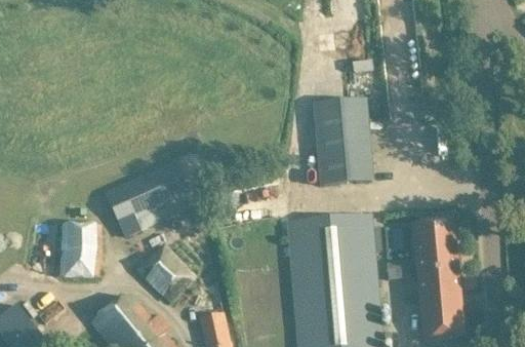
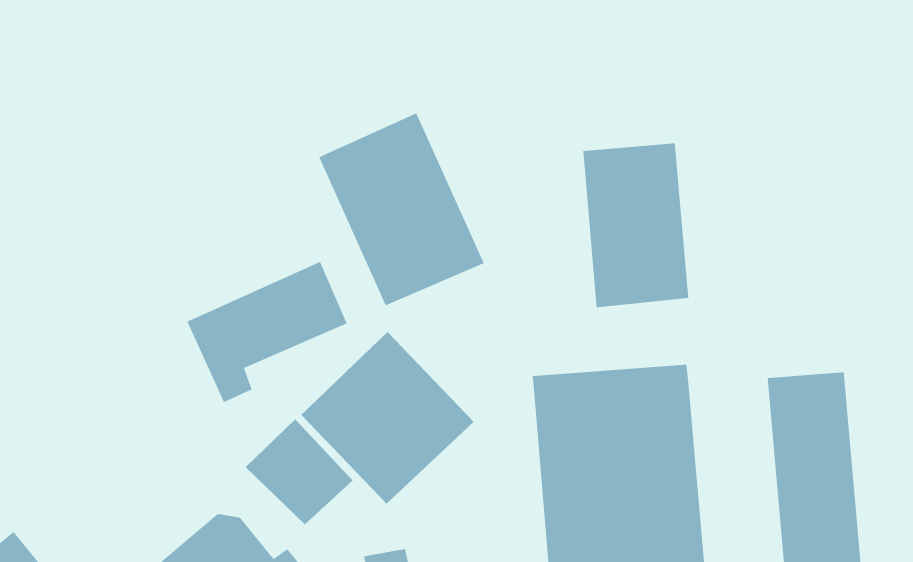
building: none -> [319,112,484,306]
building: none -> [301,331,475,504]
building: [57,222,100,278] -> none

